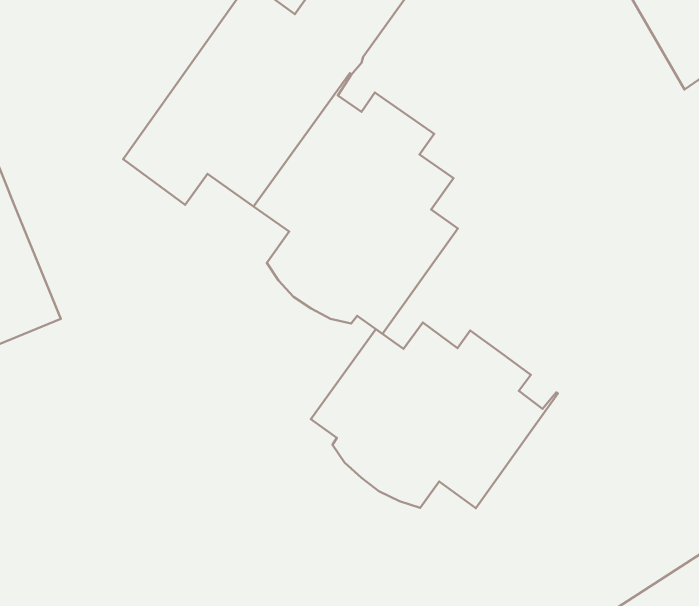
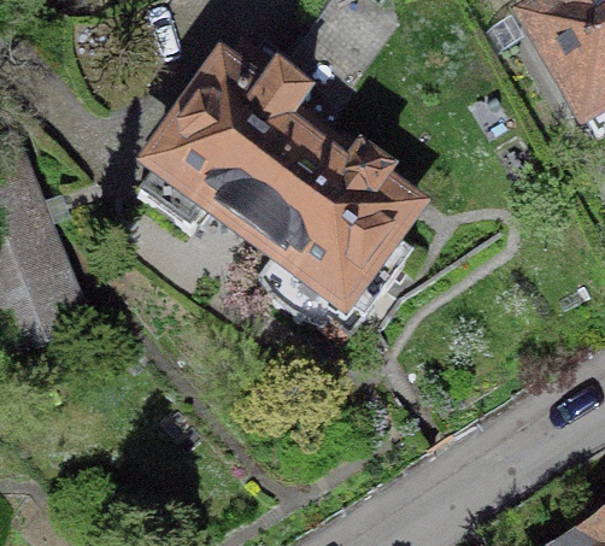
building: [311,322,558,508] -> none

